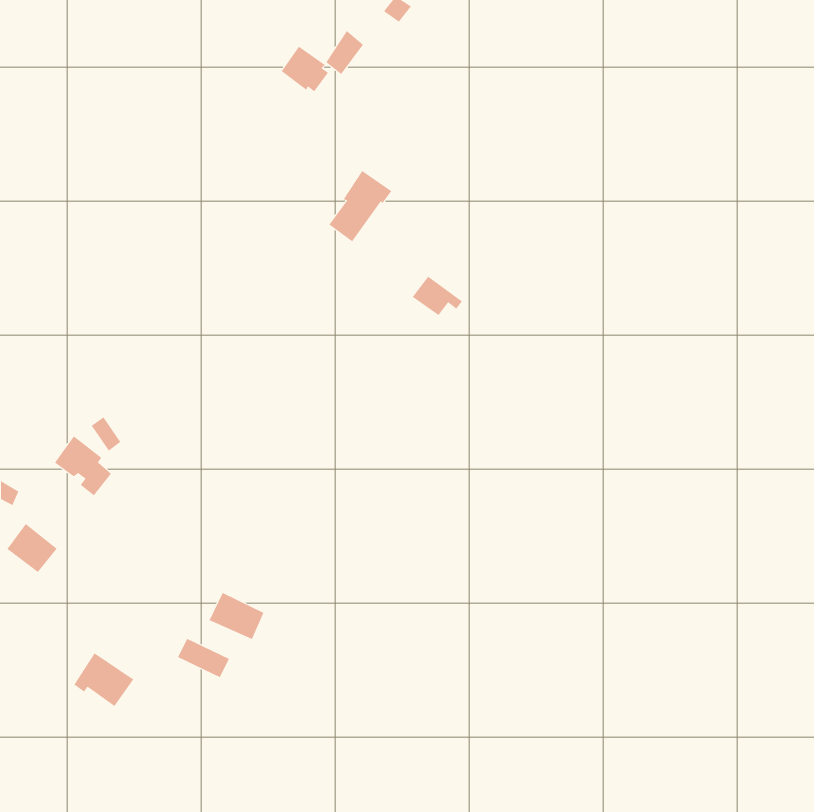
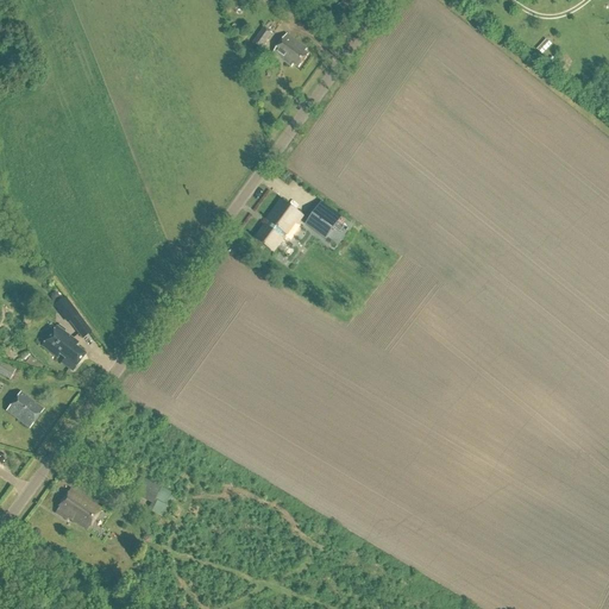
building: [281,46,329,92] -> [272,34,308,69]
building: [328,170,392,242] -> [258,194,306,247]
building: [209,592,264,640] -> none

